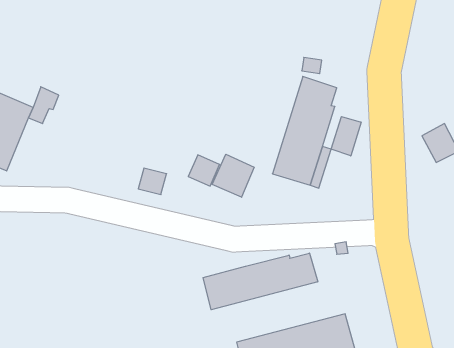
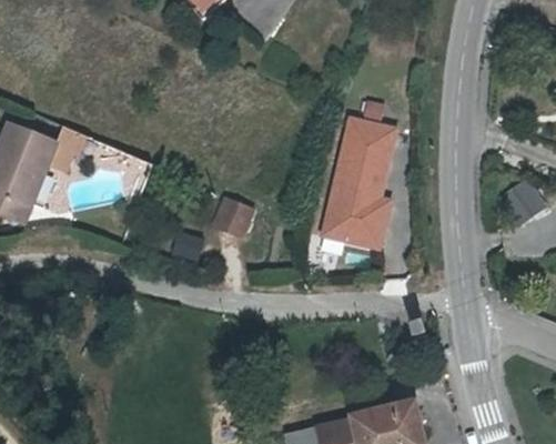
building: [331,117,361,156] -> none
building: [212,154,254,197] -> none
building: [203,253,318,310] -> none

